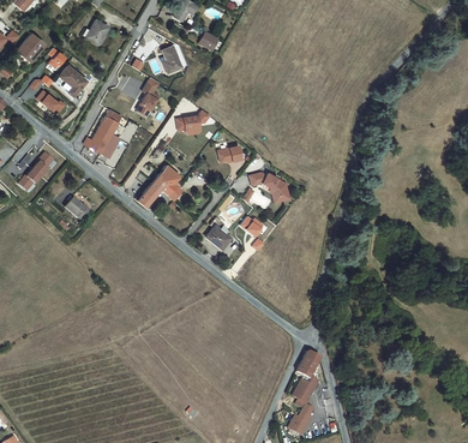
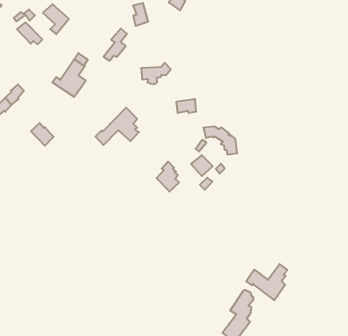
building: none -> [246,264,287,300]

